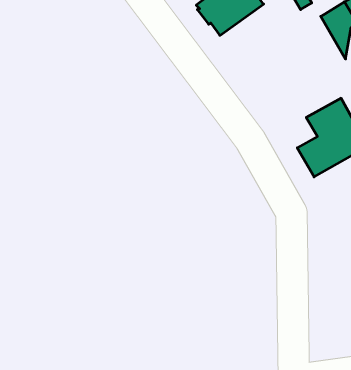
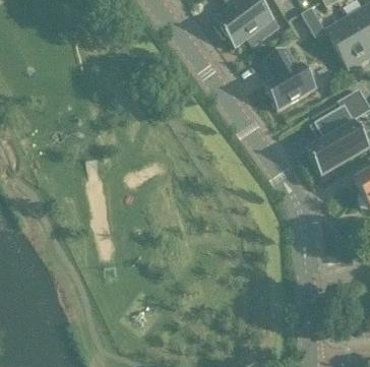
building: none -> [263,47,316,109]

